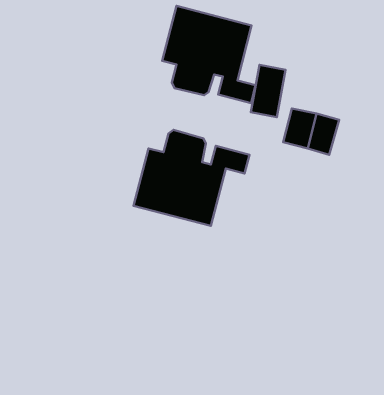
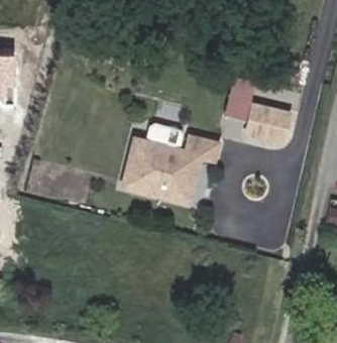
building: [162,6,256,103] -> none

